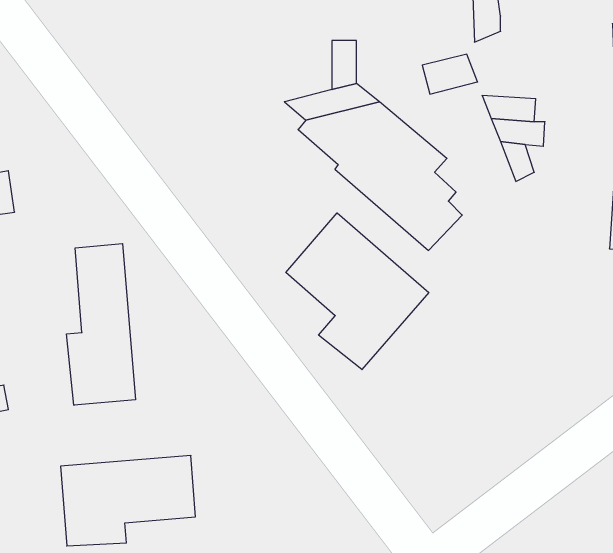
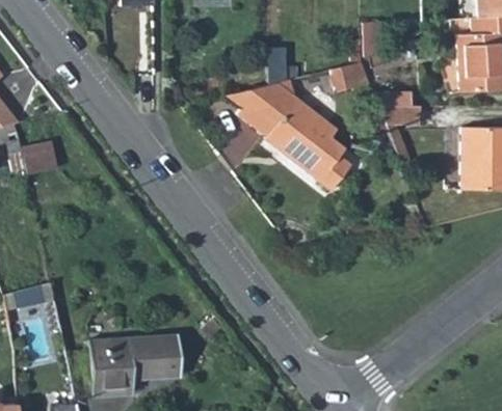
building: [286,213,429,370] -> none
building: [67,244,135,405] -> none

